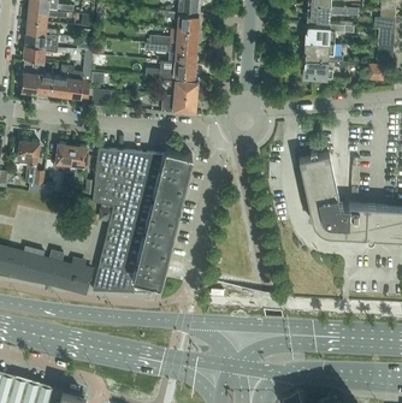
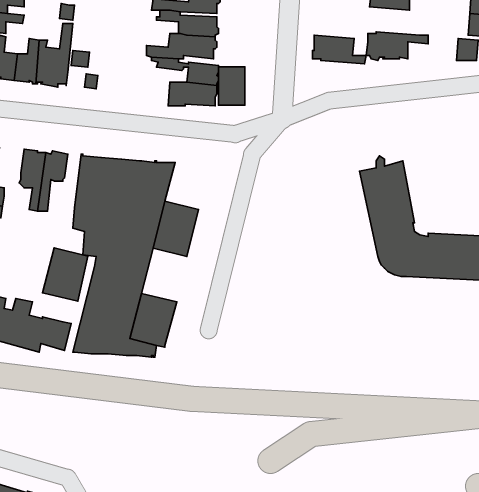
building: [305,42,343,63] -> [312,35,366,64]
building: none -> [219,67,245,105]
building: [159,149,191,188] -> none
building: [142,215,175,254] -> [43,248,88,301]

